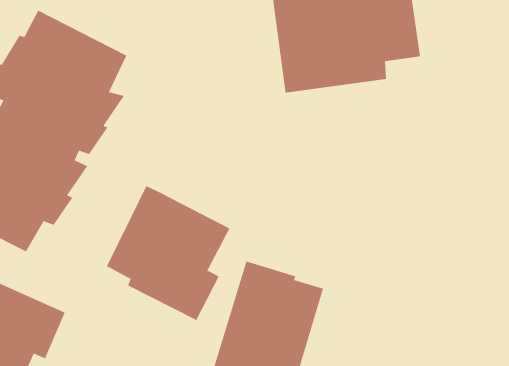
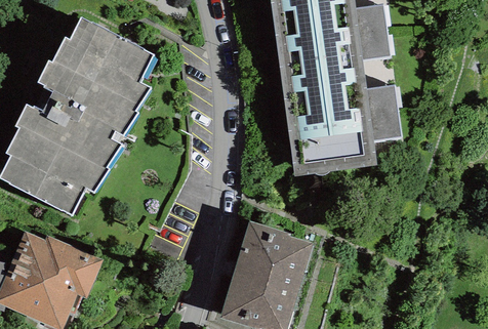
building: none -> [281,72,401,174]
building: [106,185,230,321] -> none

